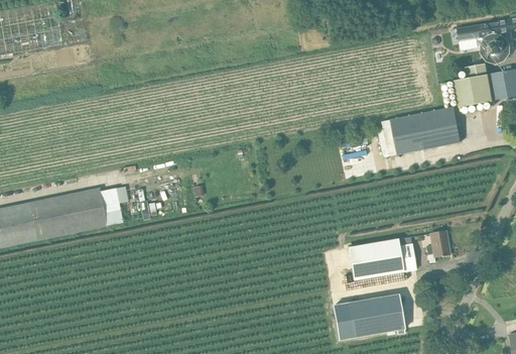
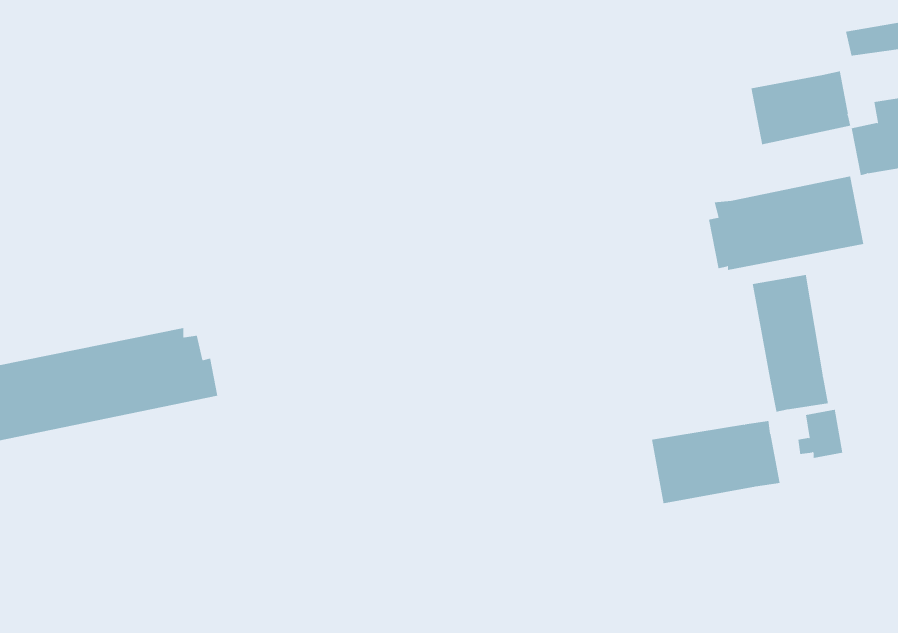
building: none -> [751,70,851,145]
building: none -> [752,274,829,412]
building: [334,294,405,340] -> none

